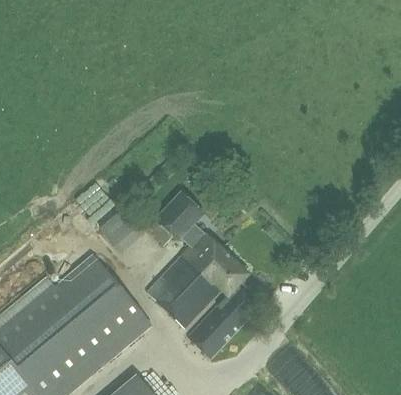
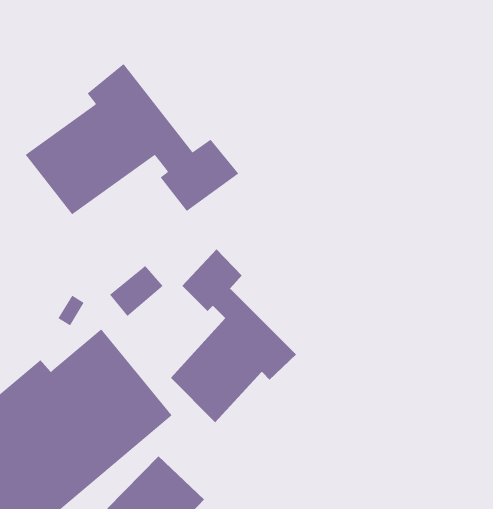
building: none -> [25,63,239,215]
building: [187,275,258,360] -> none

